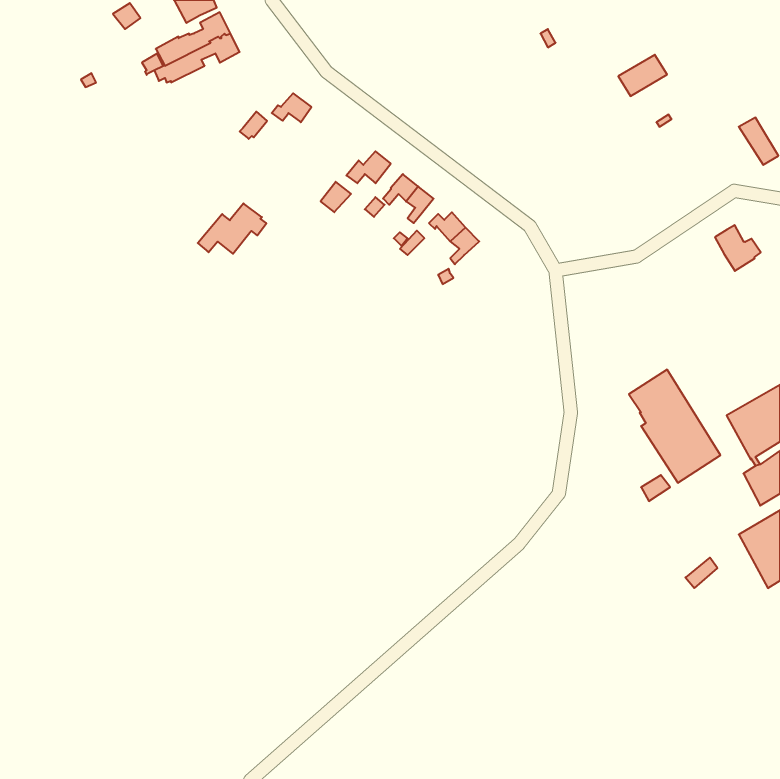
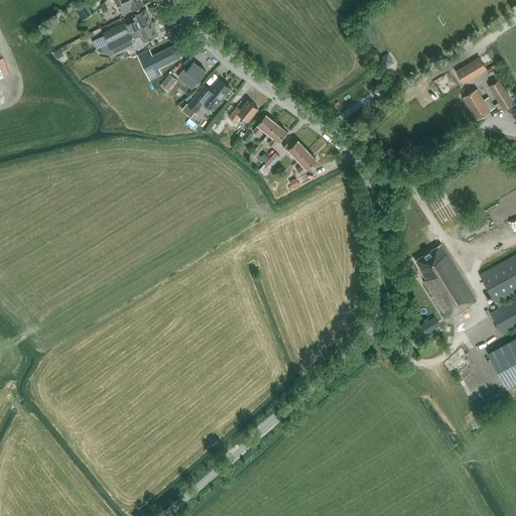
building: [618,55,667,96] -> [456,56,488,84]
building: none -> [138,45,181,81]
building: [198,203,266,254] -> [188,80,234,113]
building: [715,225,761,271] -> [464,90,494,120]

